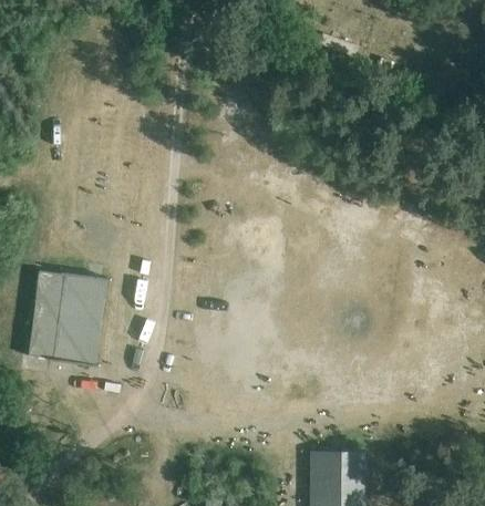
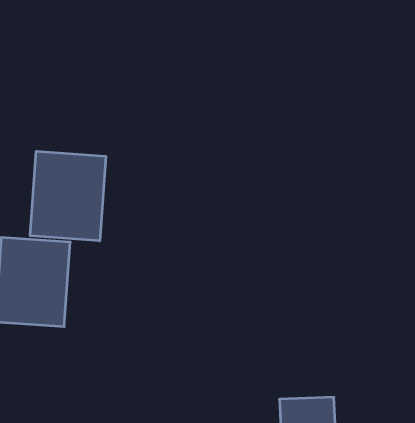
building: none -> [30,151,106,241]

